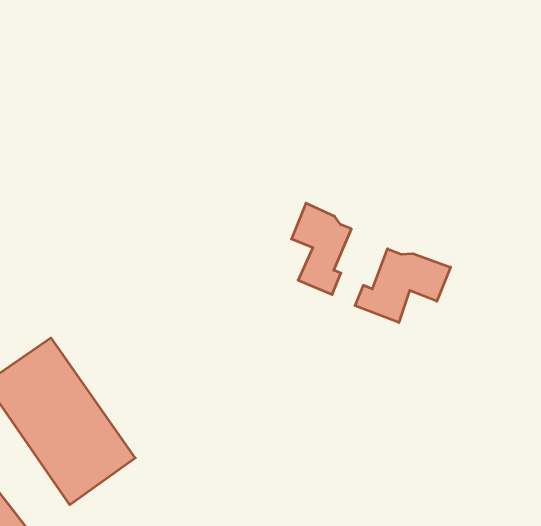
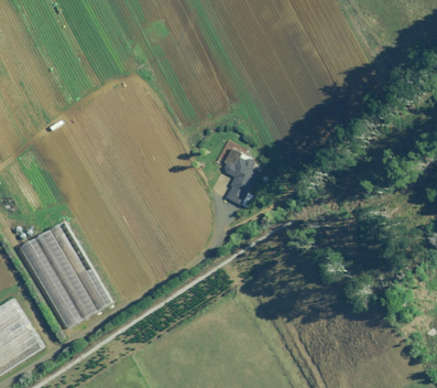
building: [355,249,451,323] -> none

